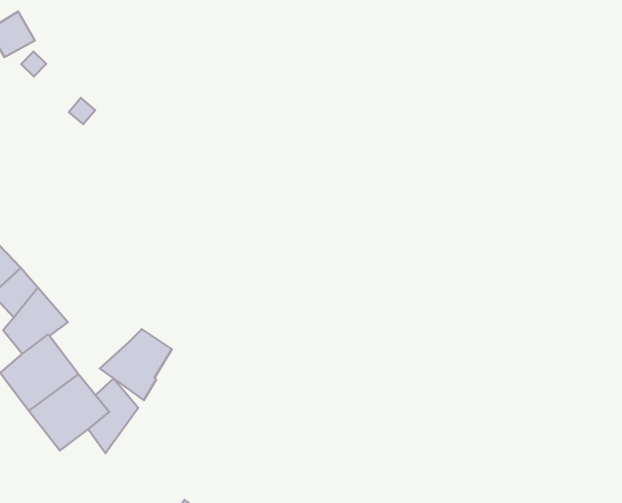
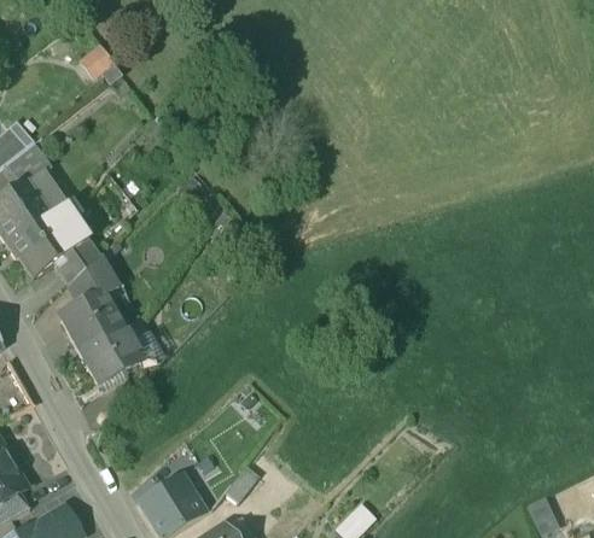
building: [100,329,172,400] -> none

